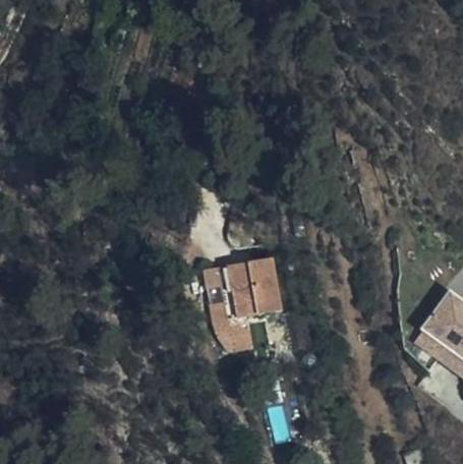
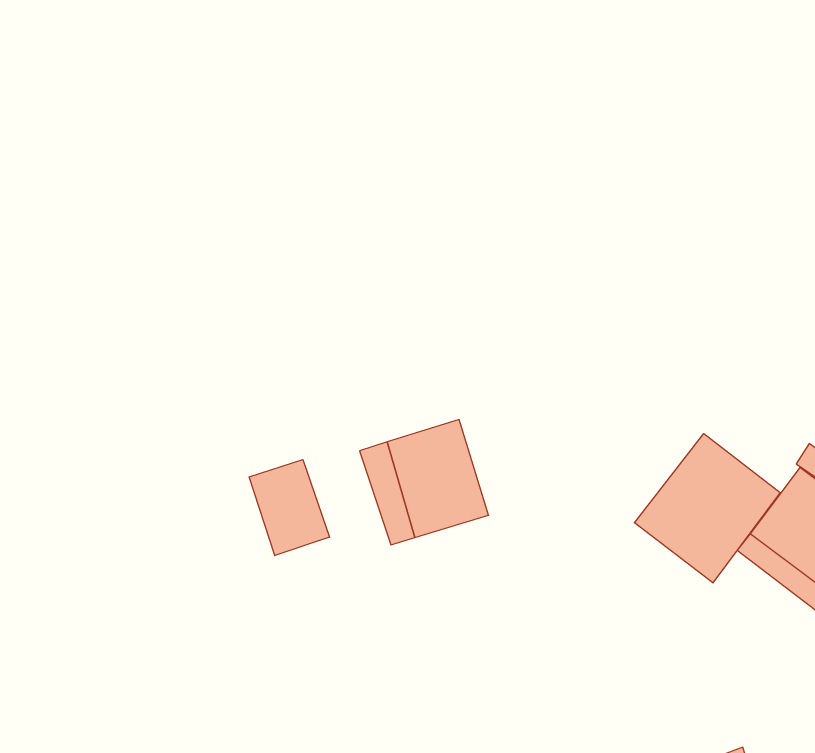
building: none -> [634,434,780,583]
building: none -> [249,460,330,556]

